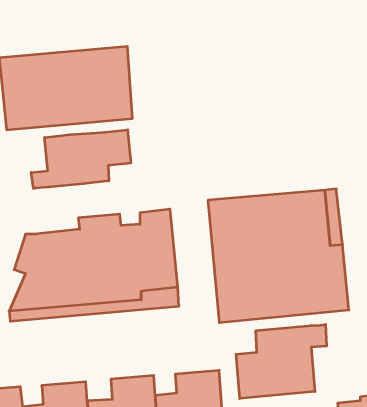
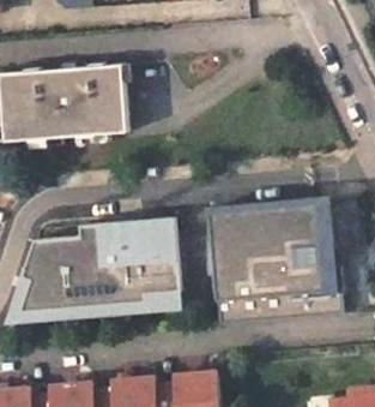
building: [31,130,131,188] -> none
building: [236,324,327,399] -> none

